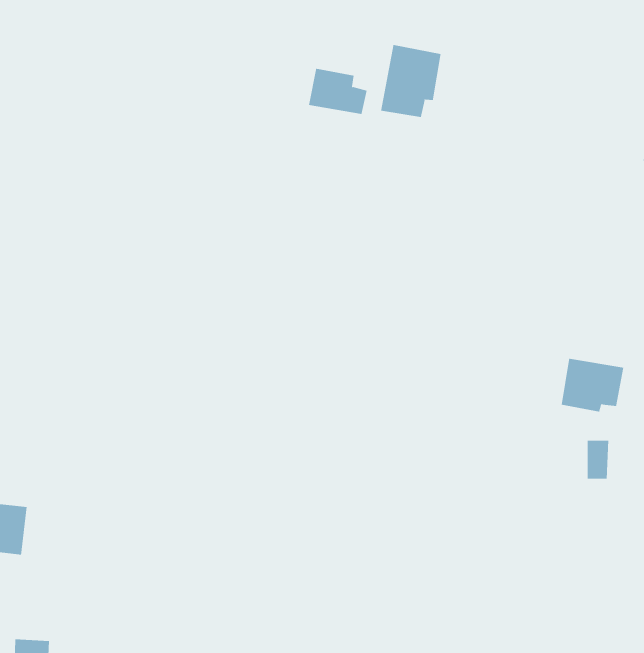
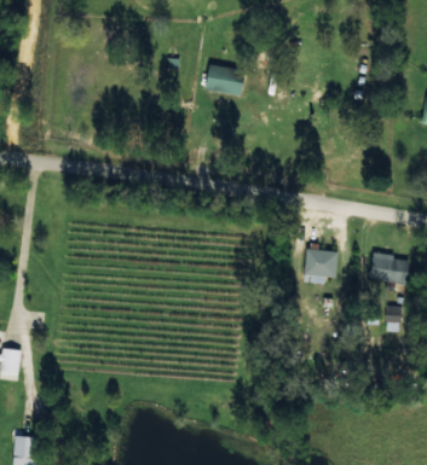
building: [381,44,441,118] -> none
building: none -> [305,250,337,283]

